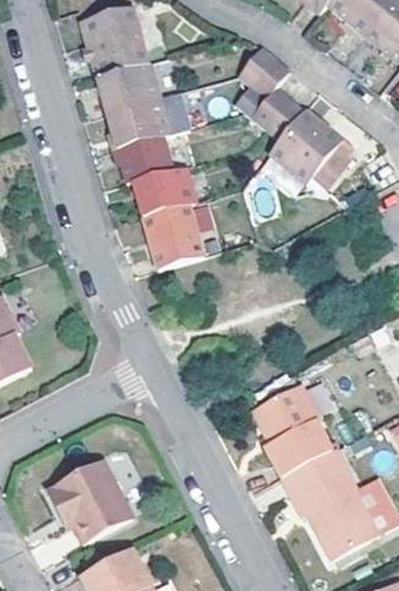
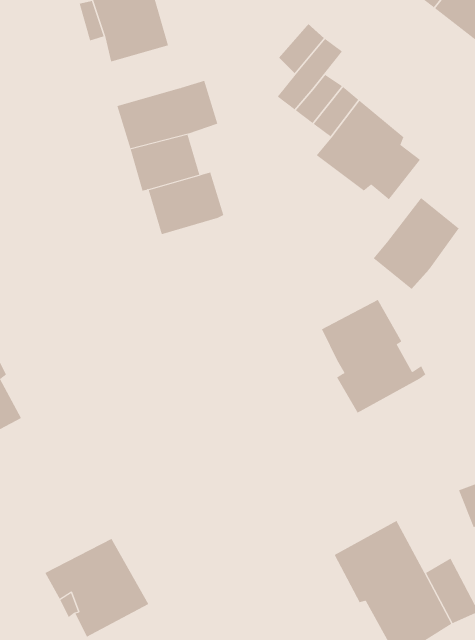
building: [97,64,159,113] -> none
building: none -> [373,197,459,290]
building: [143,204,204,267] -> none
building: [253,383,338,476] -> [321,299,426,413]

